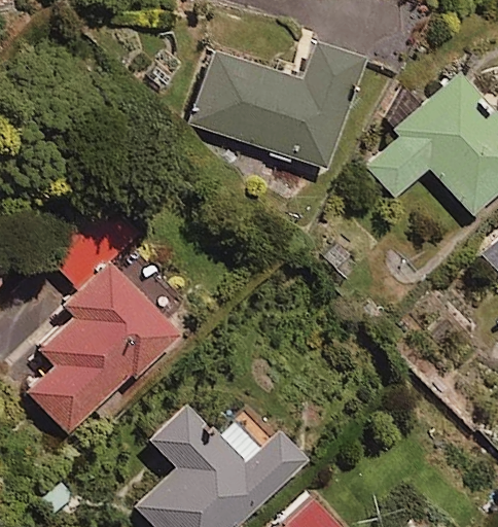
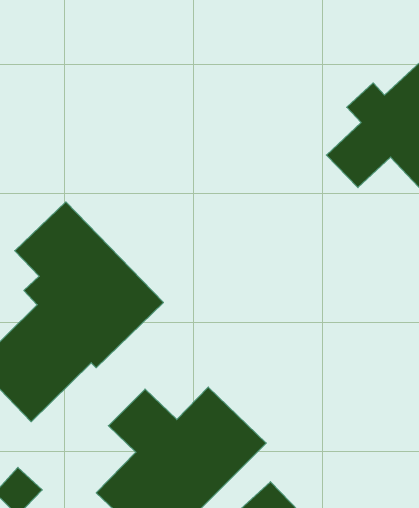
building: [192,43,364,173] -> none

